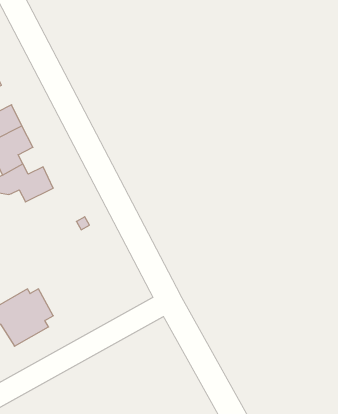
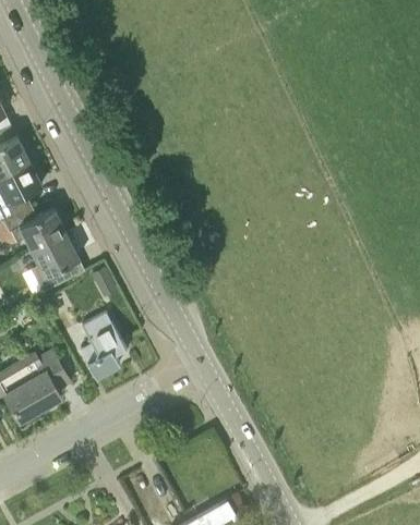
building: none -> [32,235,80,293]
building: none -> [81,314,127,378]

